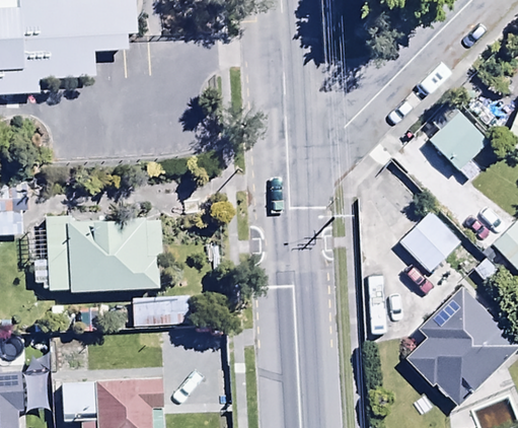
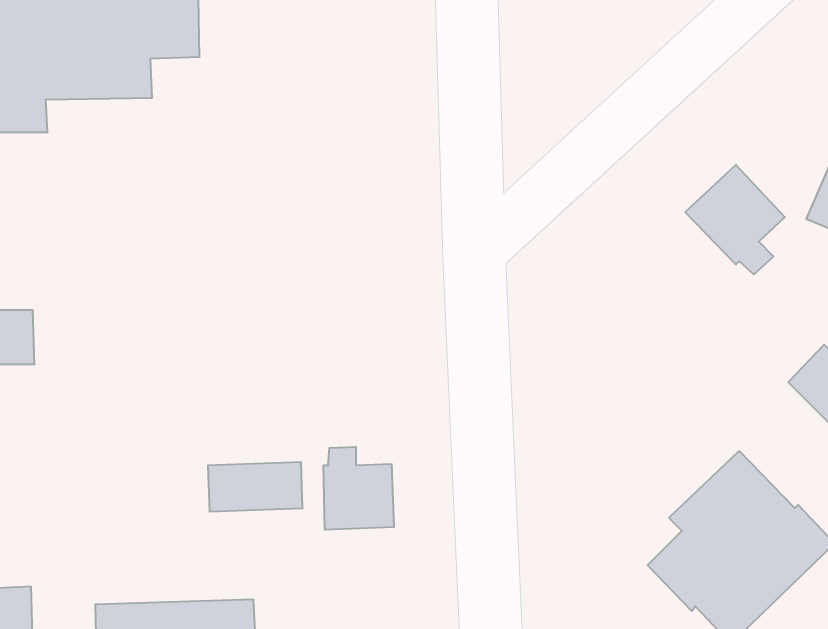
building: [398,210,460,272] -> none
building: [45,214,162,293] -> none
building: none -> [324,447,394,530]

